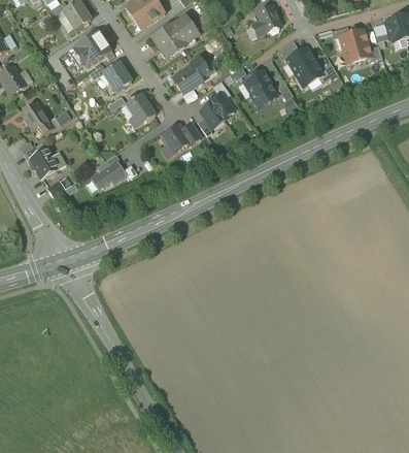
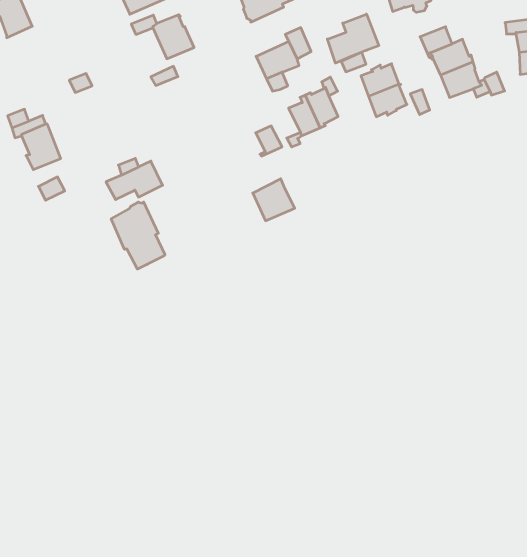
building: none -> [327,14,379,63]
building: [126,93,156,127] -> none
building: [20,101,53,134] -> none
building: [161,123,190,152] -> [253,179,295,221]
building: none -> [111,202,165,269]

